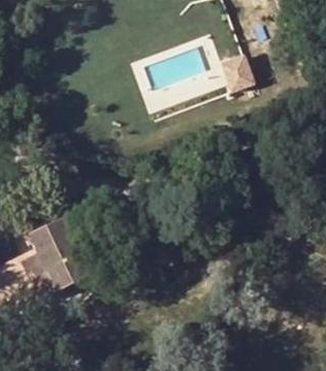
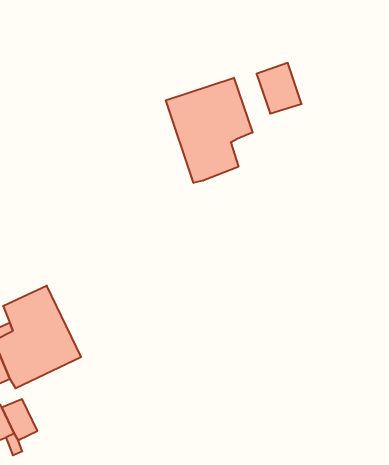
building: none -> [166,78,253,183]

